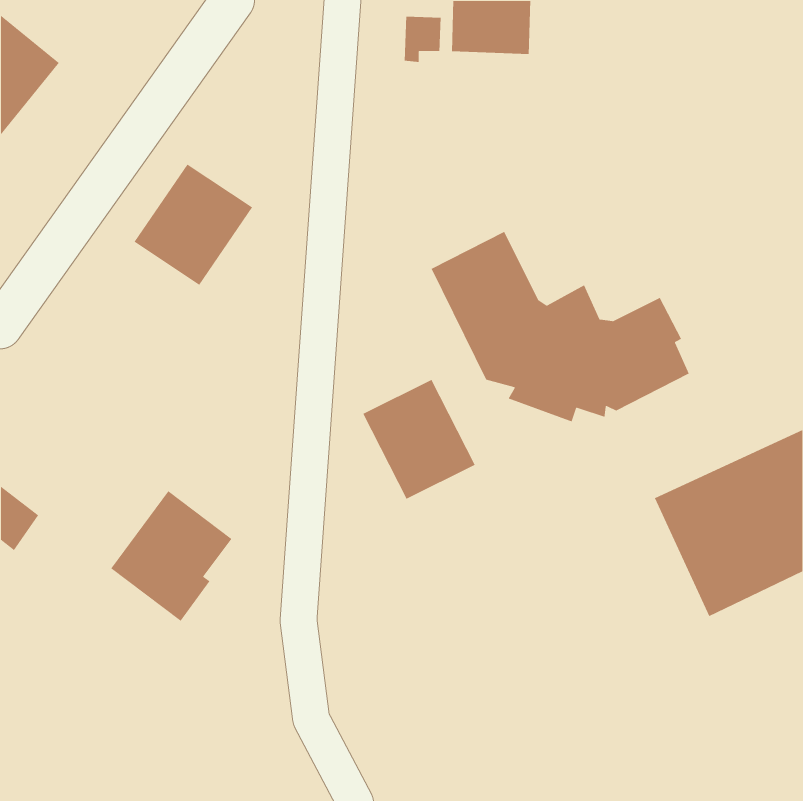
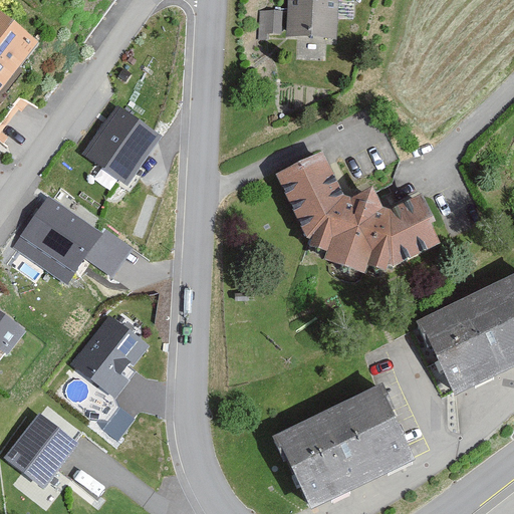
building: none -> [12,196,134,284]
building: [362,379,476,500] -> none
building: none -> [273,384,415,509]
building: none -> [6,412,79,487]

